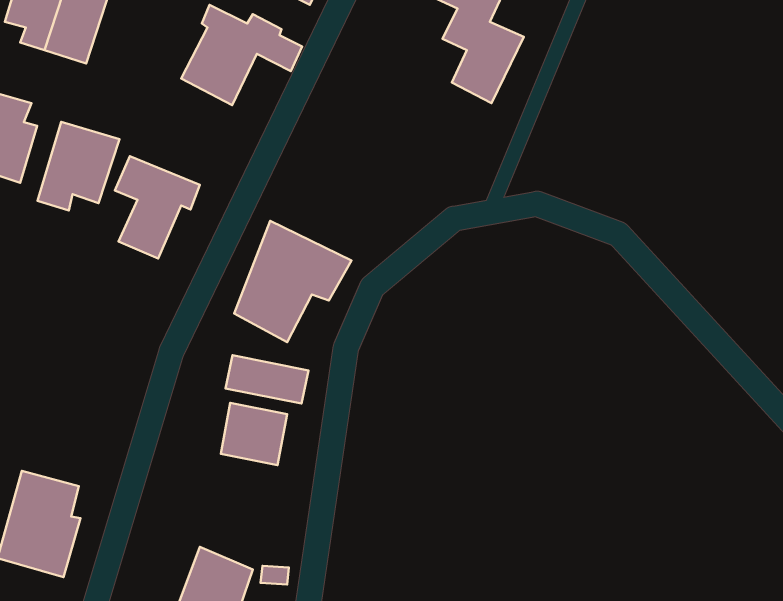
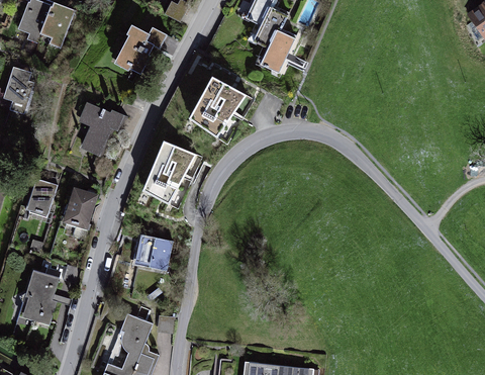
building: none -> [189,73,246,137]
building: [38,122,120,210] -> none
building: none -> [25,178,57,215]
building: none -> [63,187,99,230]
building: [226,355,308,404] -> none

